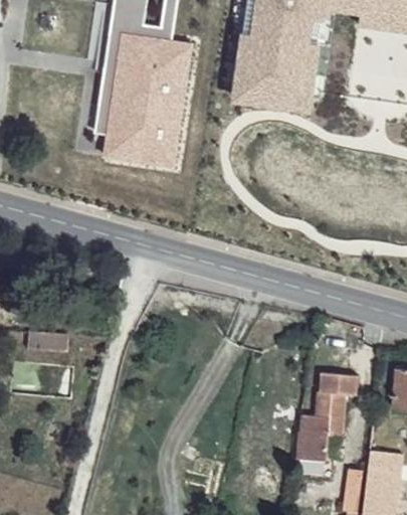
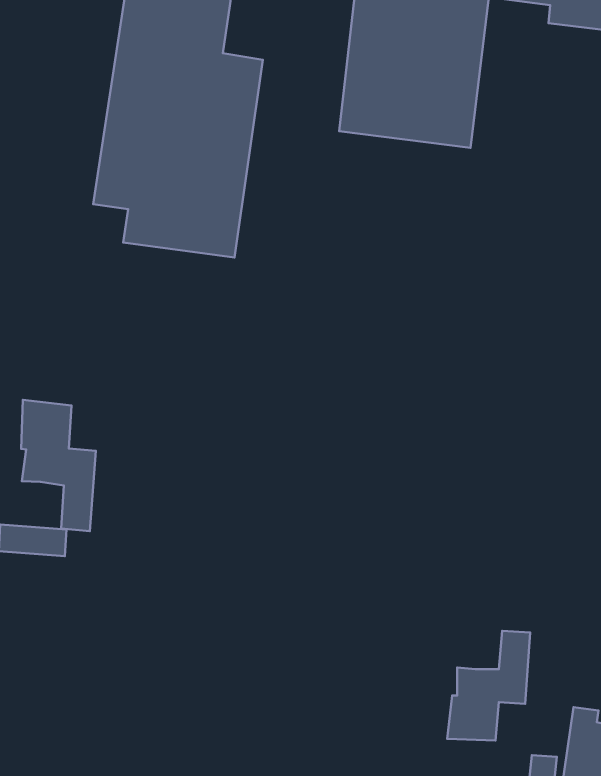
building: none -> [21,400,96,531]
building: [316,374,360,417] -> none

